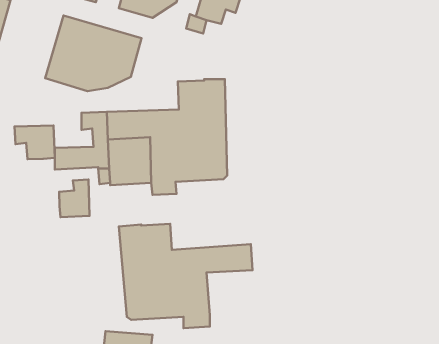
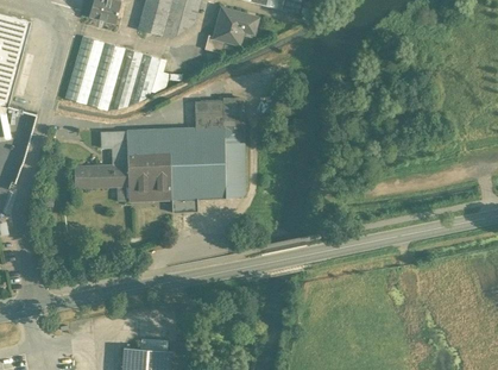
building: [14,126,55,159] -> none
building: [59,180,89,217] -> none
building: [119,224,252,328] -> none

